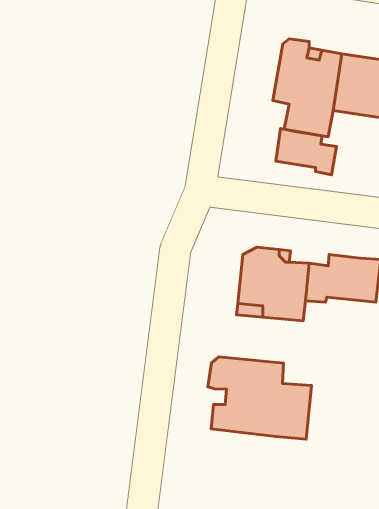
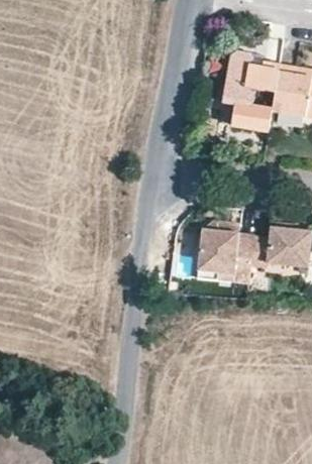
building: [276,129,336,175] -> none
building: [208,357,312,439] -> none

